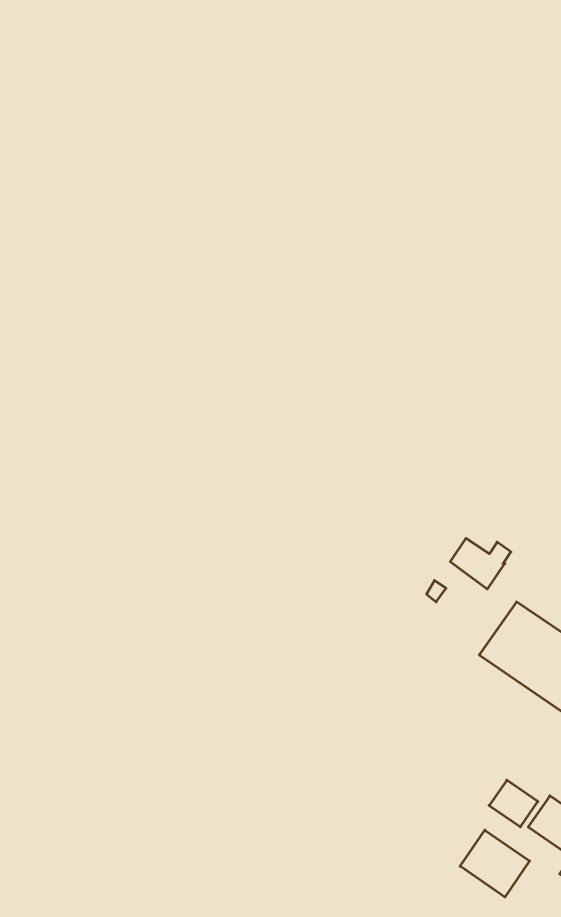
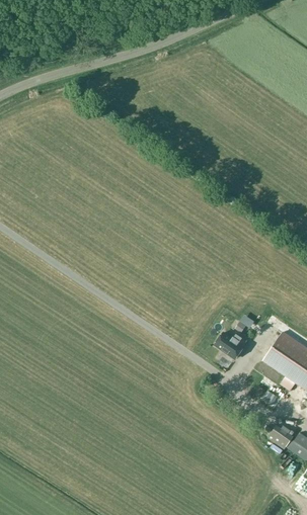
building: [450,538,511,589] -> [215,332,246,358]
building: [460,830,530,897] -> none

